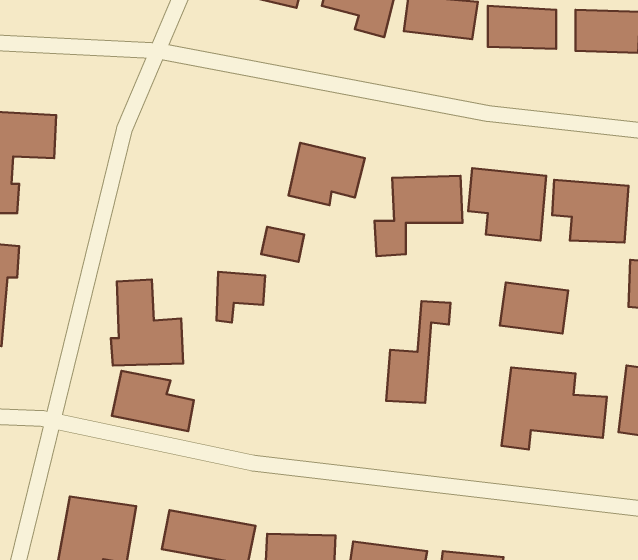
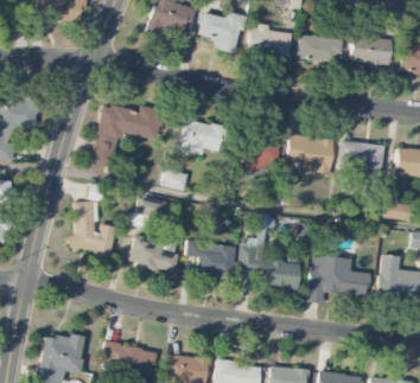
building: none -> [91,103,164,167]
building: [500,283,568,333] -> [259,257,300,288]
building: none -> [187,241,235,276]
building: [112,371,194,431] -> [128,235,178,272]

